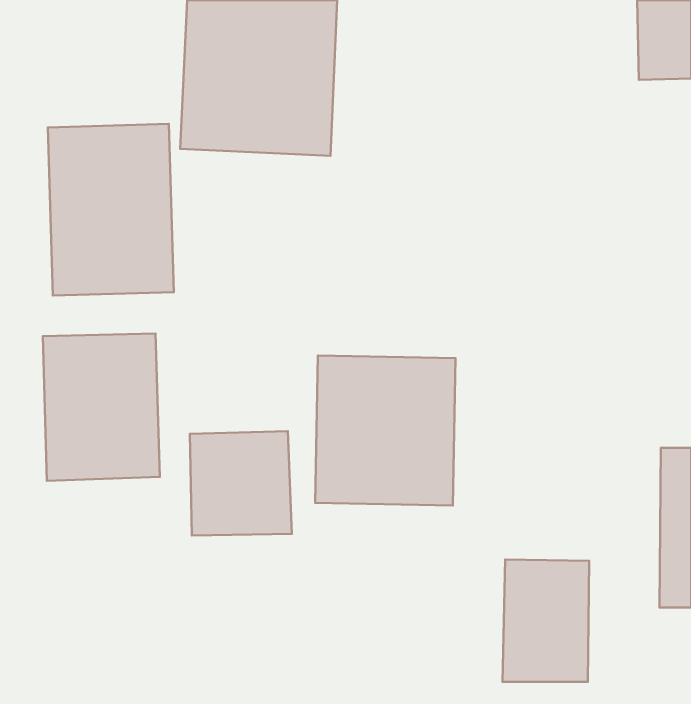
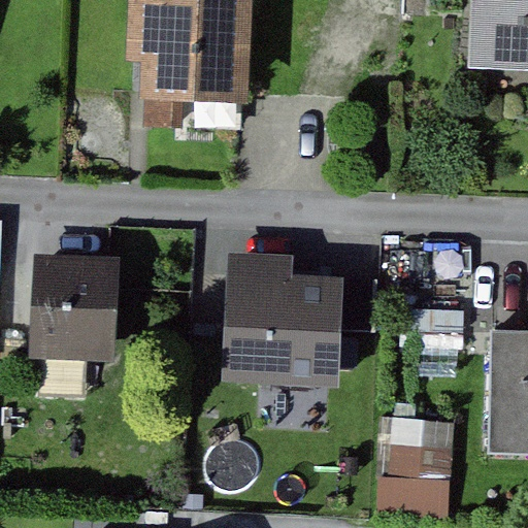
building: [48,124,174,296] -> none
building: [190,431,292,535] -> none

